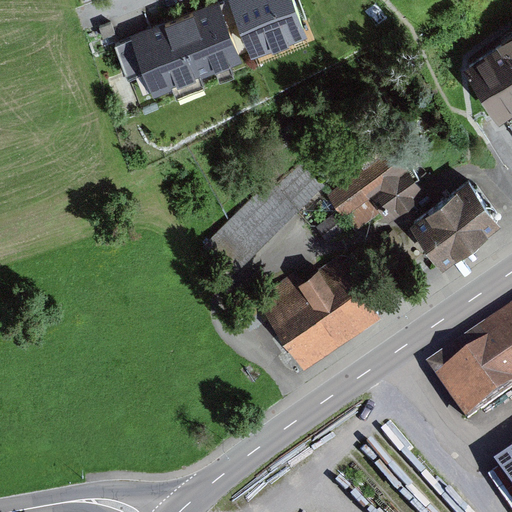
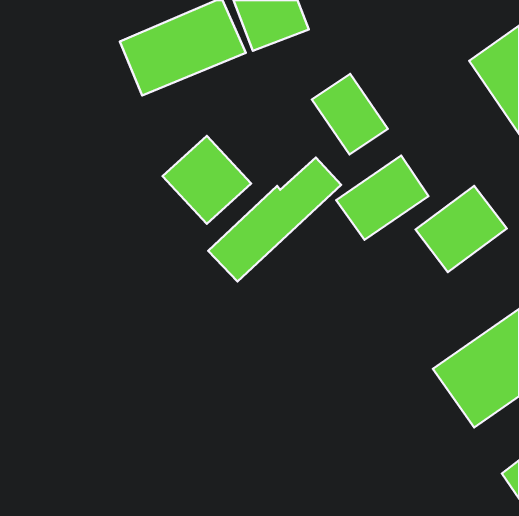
building: none -> [312,74,388,154]
building: none -> [162,136,251,224]
building: [267,260,379,365] -> none

